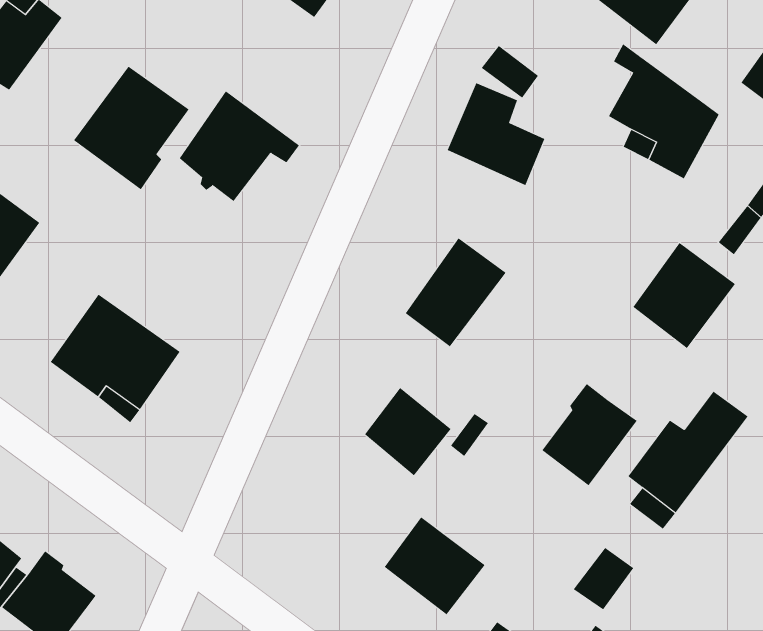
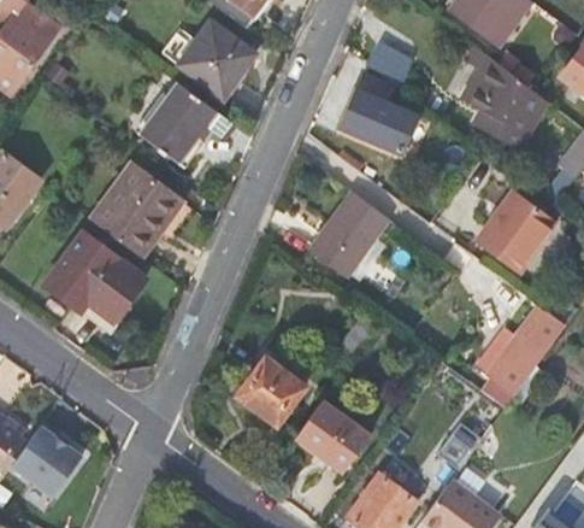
building: none -> [178,17,255,94]
building: [73,66,189,190] -> [93,163,179,256]
building: [541,383,638,486] -> none
building: [364,387,451,476] -> [240,360,305,427]

